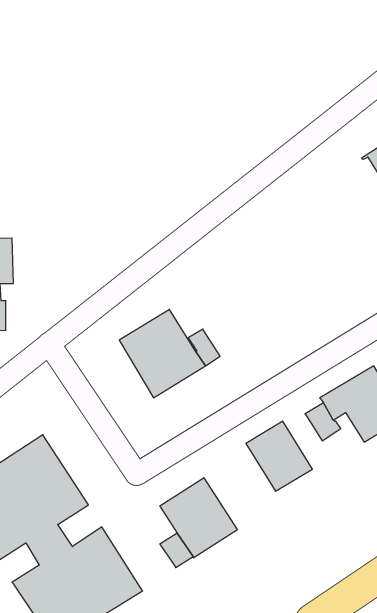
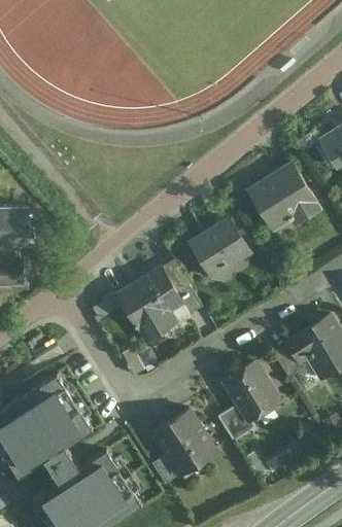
building: none -> [249,163,321,229]
building: none -> [193,218,250,274]
building: none -> [217,402,254,441]

